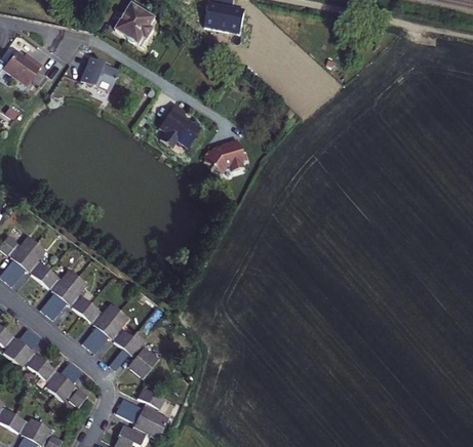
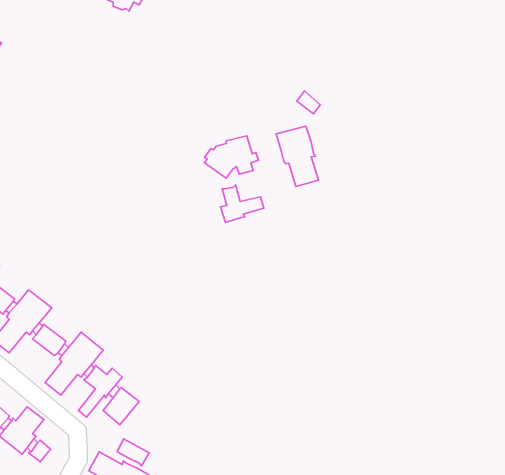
building: [88,62,123,95] -> none
building: [162,110,204,153] -> none
building: none -> [276,126,318,187]
building: none -> [221,185,264,222]

